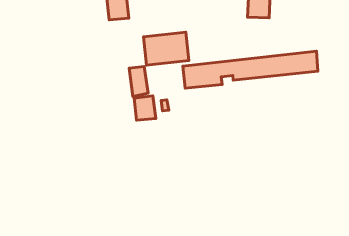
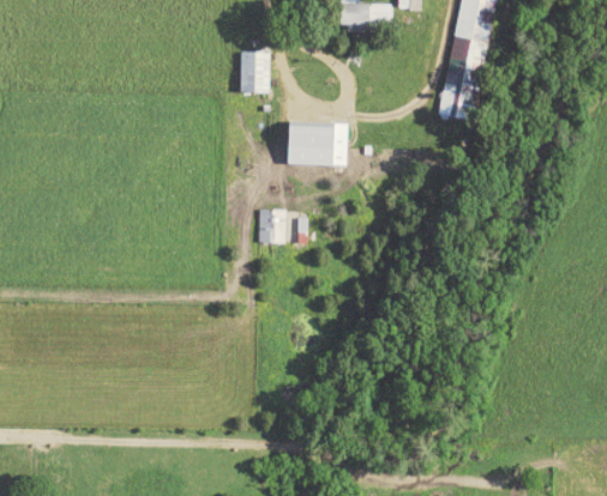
building: [183,51,318,88] -> none
building: [129,66,148,96] -> none

